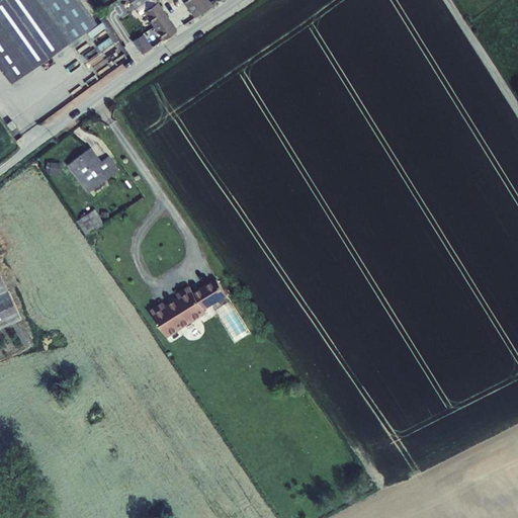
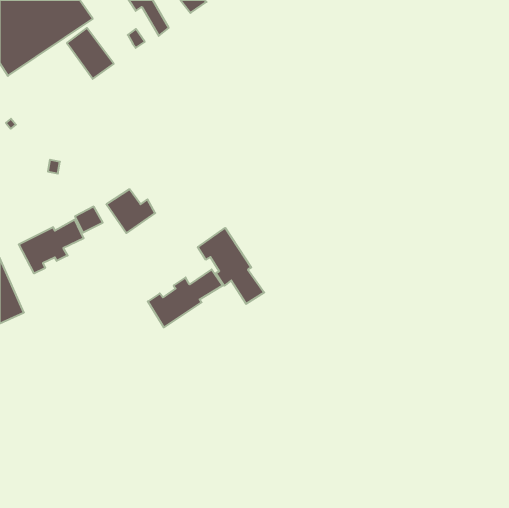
building: [68,149,117,193] -> [106,189,155,233]
building: none -> [19,220,84,273]
building: none -> [198,228,264,304]

